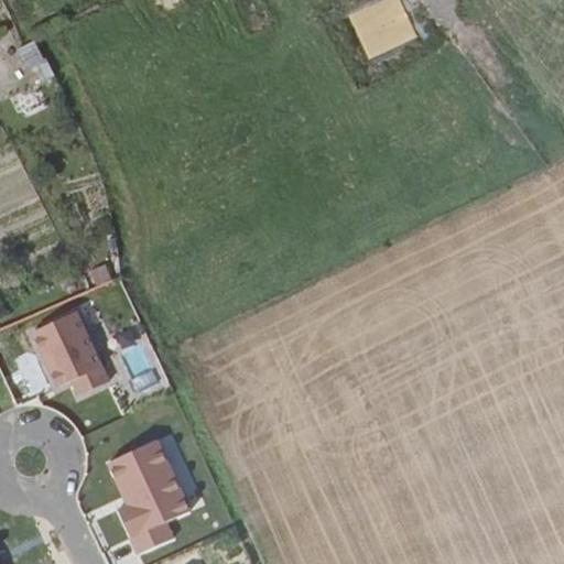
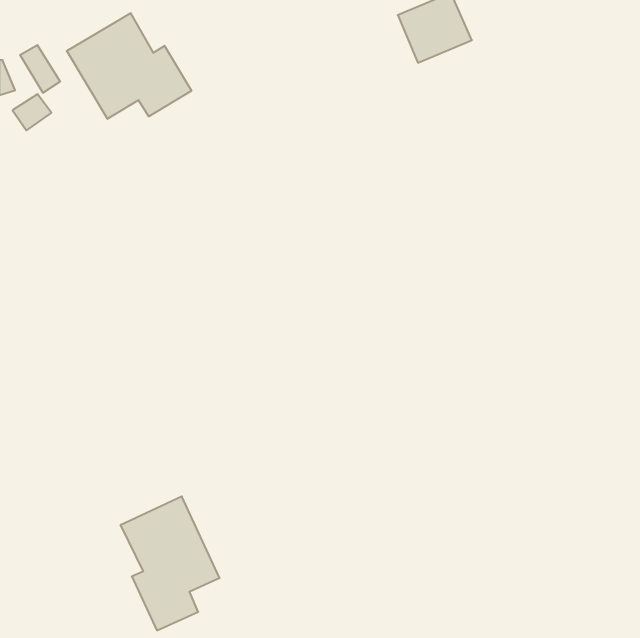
building: none -> [67,13,191,119]
building: [29,311,109,398] -> none

